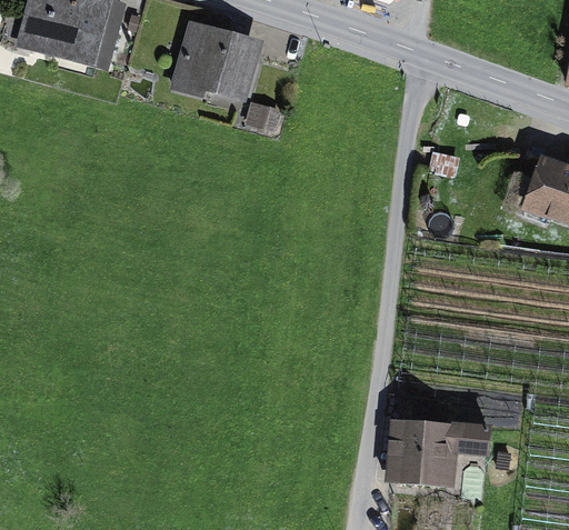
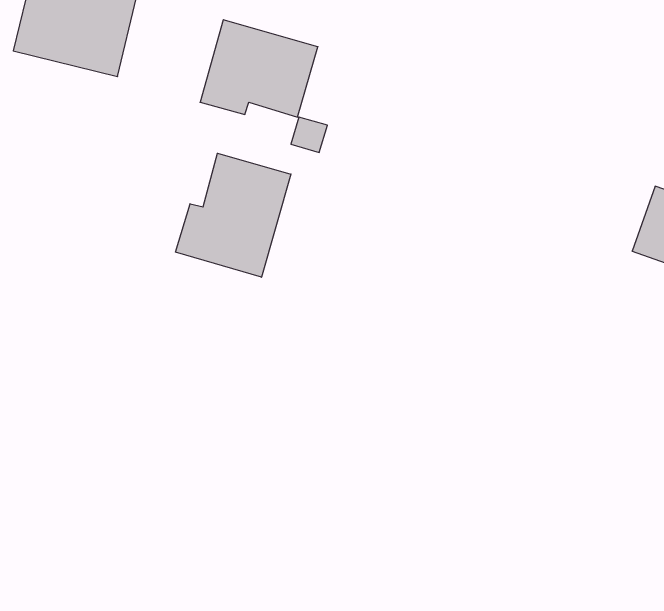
building: none -> [176,153,291,277]
building: [388,418,495,486] -> none

